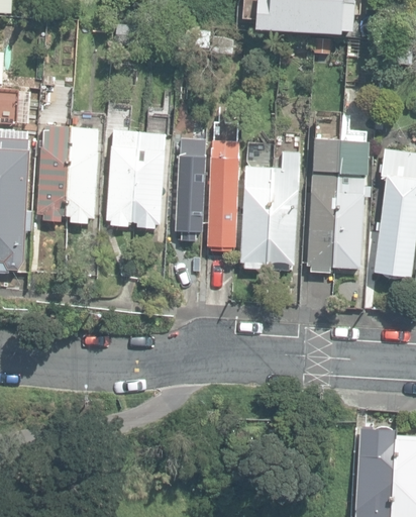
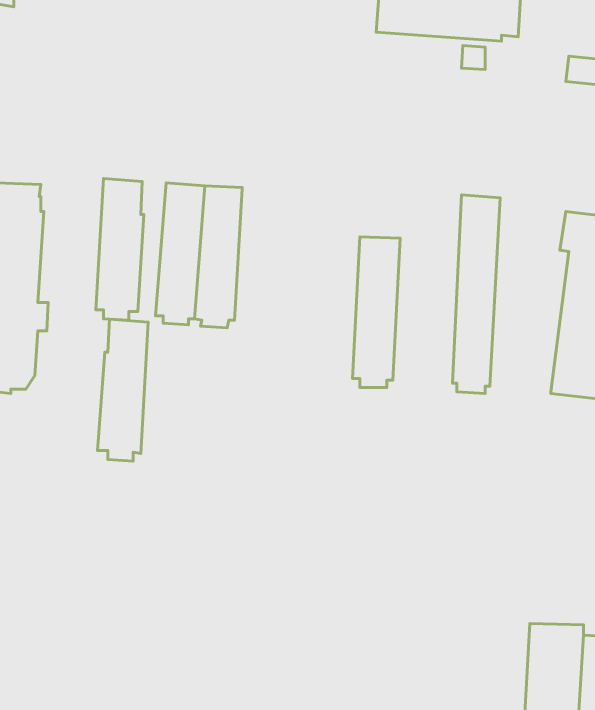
building: [36,124,71,220] -> [97,319,148,461]
building: [174,137,206,235] -> none
building: [332,139,369,268] -> none
building: [207,140,239,250] -> none
building: [267,150,299,269] -> none

